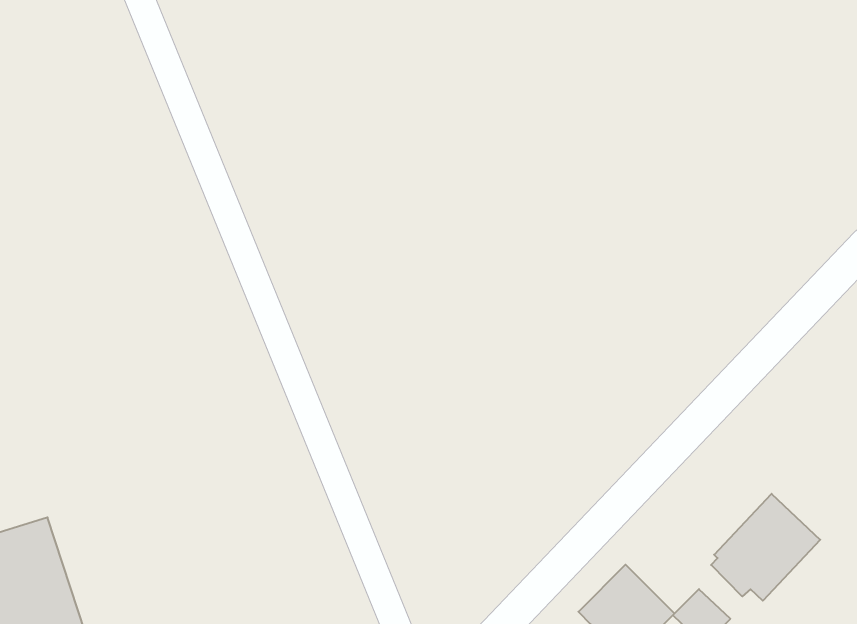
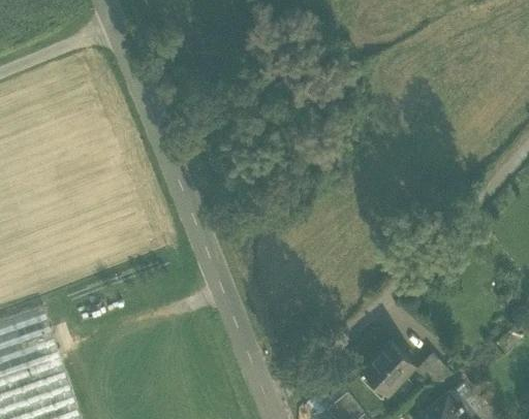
building: [711,494,820,601] -> none

